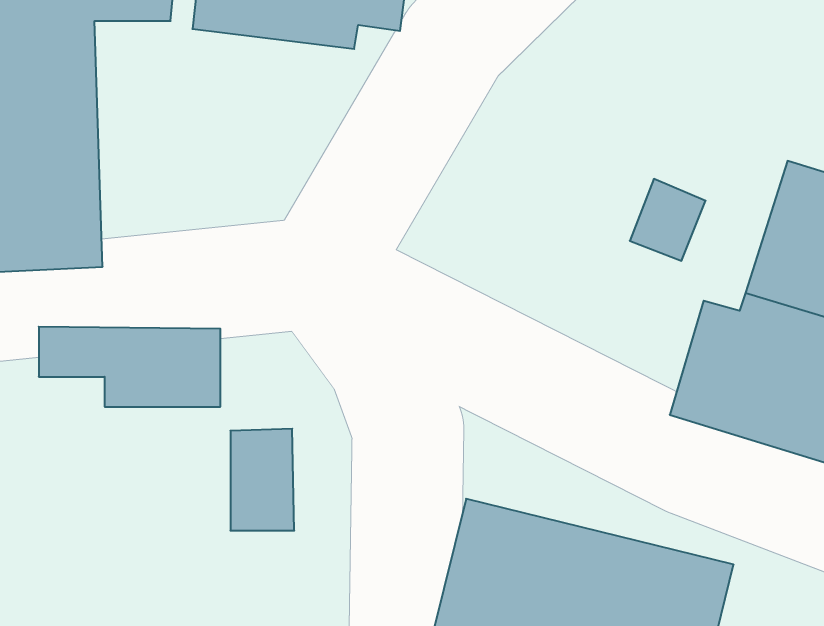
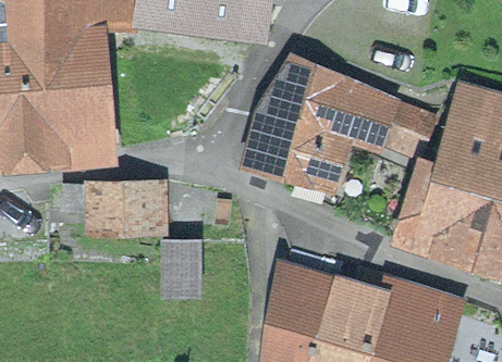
building: none -> [245,63,388,183]

